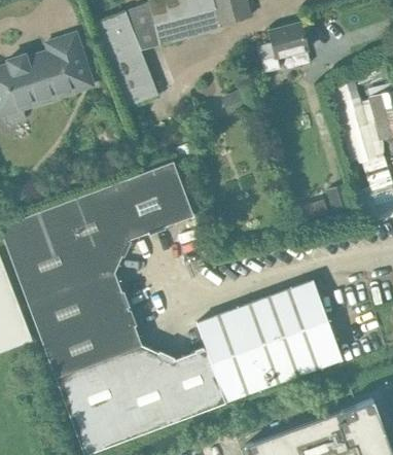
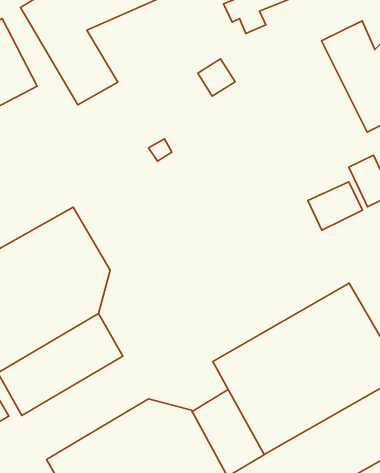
building: [108,162,192,240] -> none
building: [42,308,142,378] -> none

